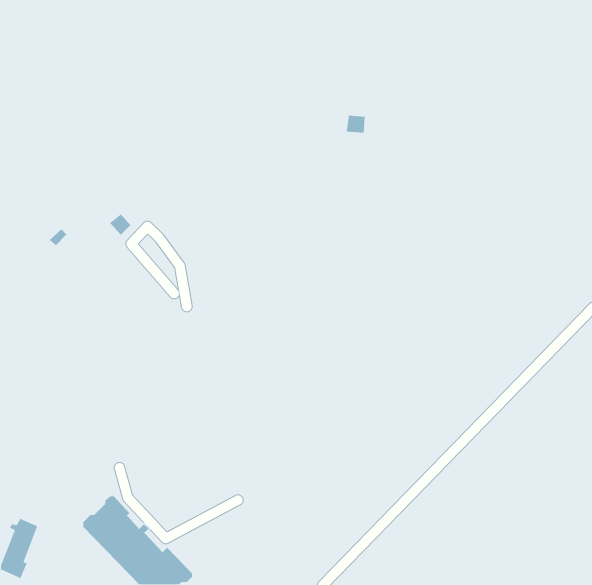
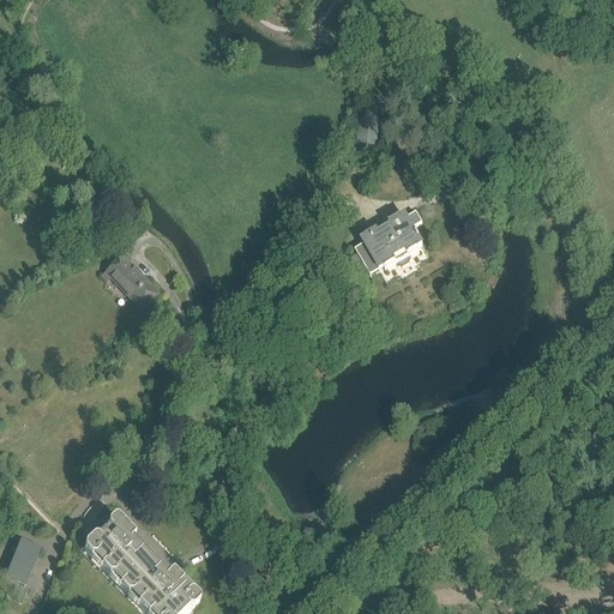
building: none -> [350,207,425,270]
building: none -> [104,252,158,306]

